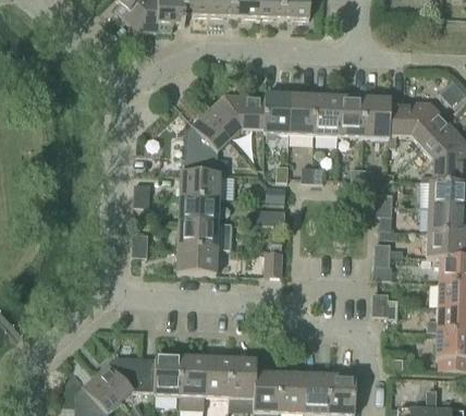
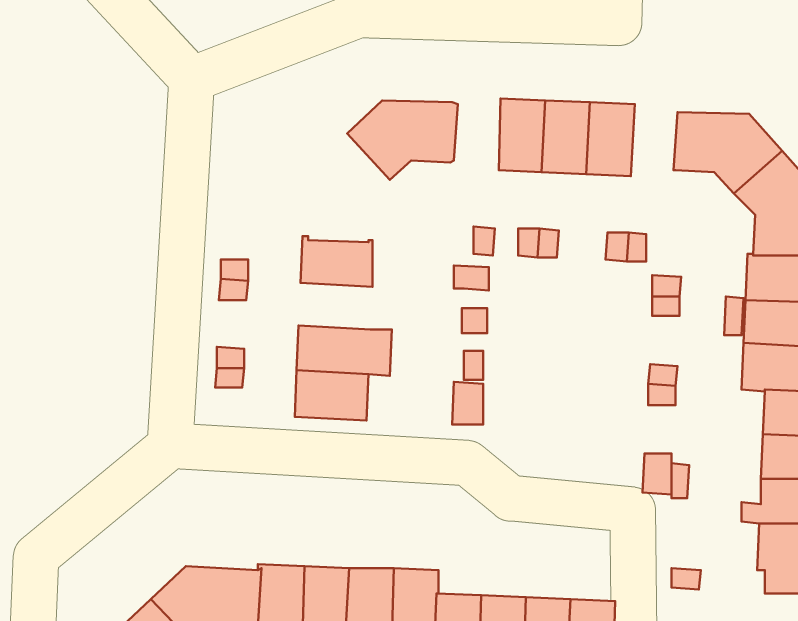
building: [262,93,291,134] -> none
building: [364,97,390,138] -> none
building: [183,113,229,174] -> none
building: [177,197,219,223] -> none

